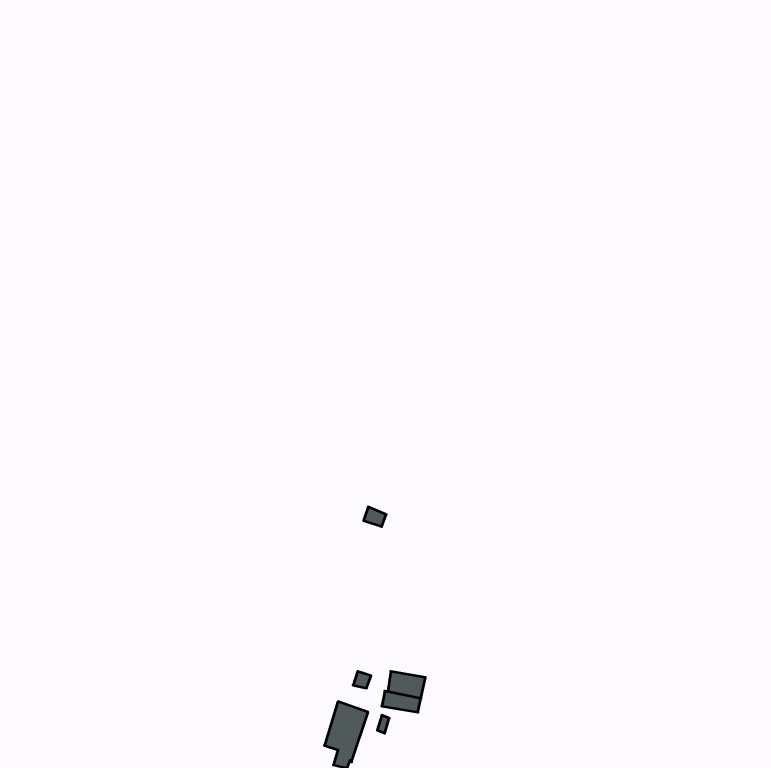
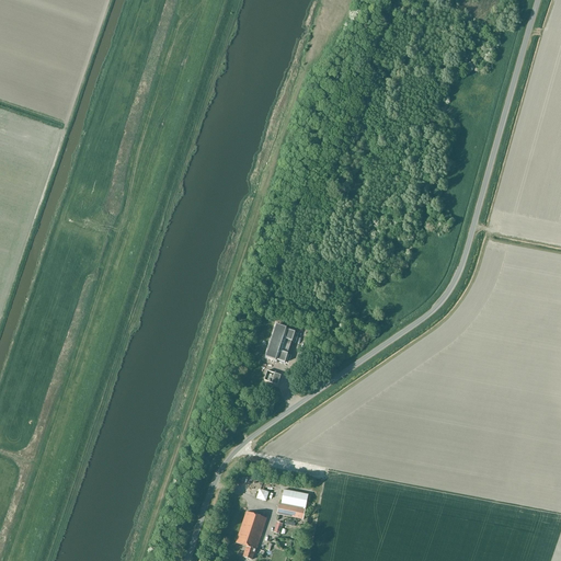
building: none -> [265,323,298,362]

